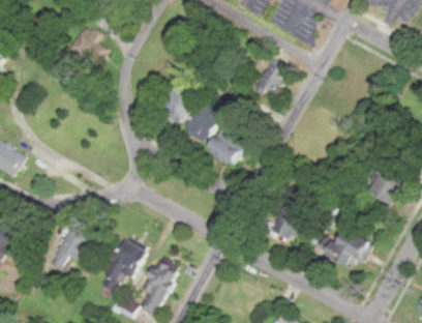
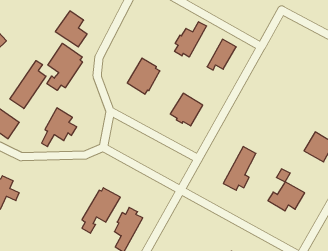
building: none -> [175,22,207,57]
building: none -> [47,43,82,90]
building: none -> [10,61,46,109]
building: [182,102,220,140] -> none
building: [51,224,93,270] -> [42,108,77,147]

